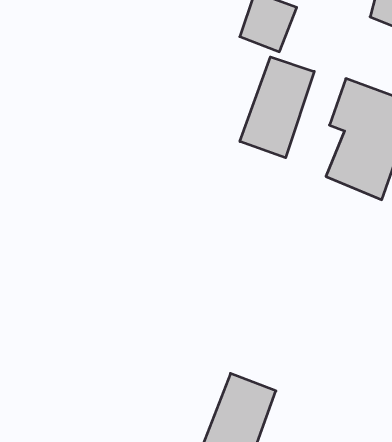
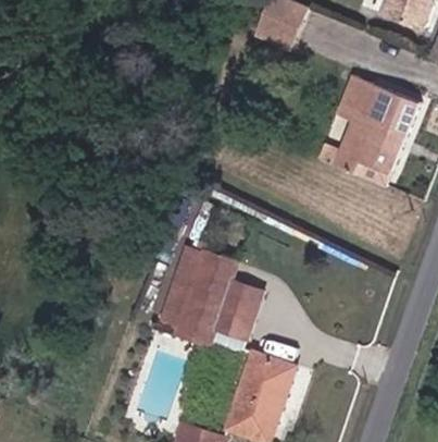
building: [240,57,314,158] -> none
building: none -> [163,246,256,347]

